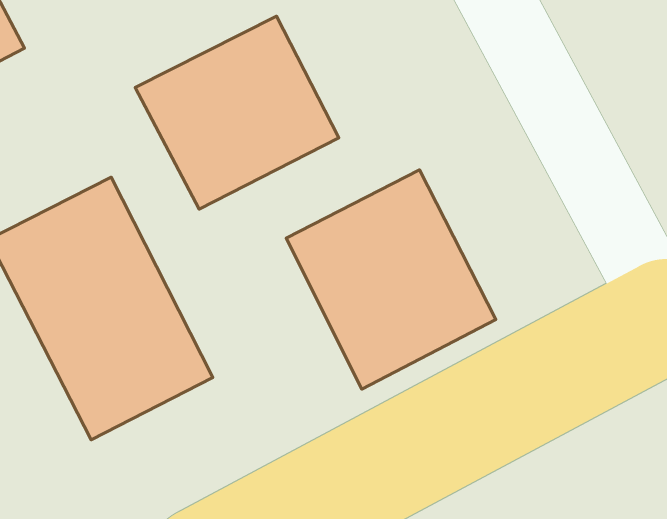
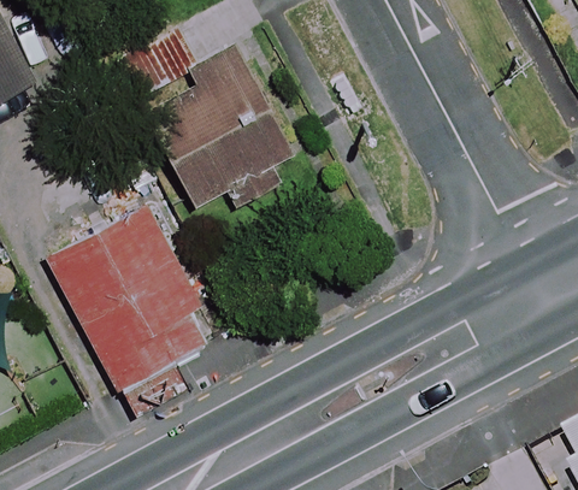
building: [286,170,496,389] -> none

